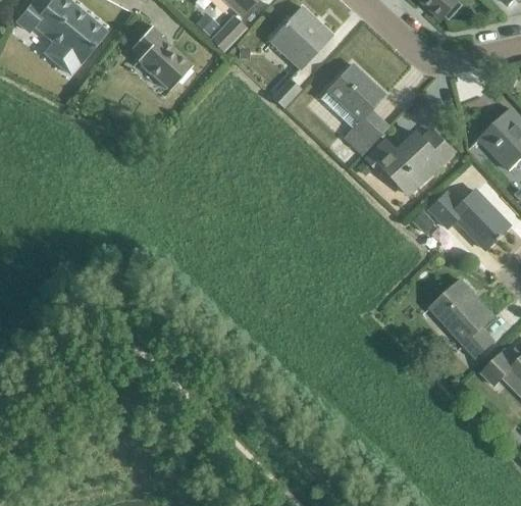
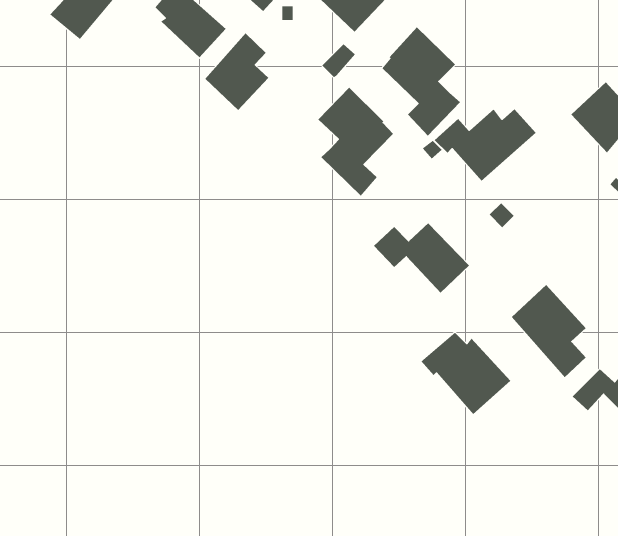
building: none -> [204,33,269,111]
building: none -> [318,87,394,196]
building: [428,189,509,248] -> [373,223,470,293]
building: none -> [420,332,511,415]

